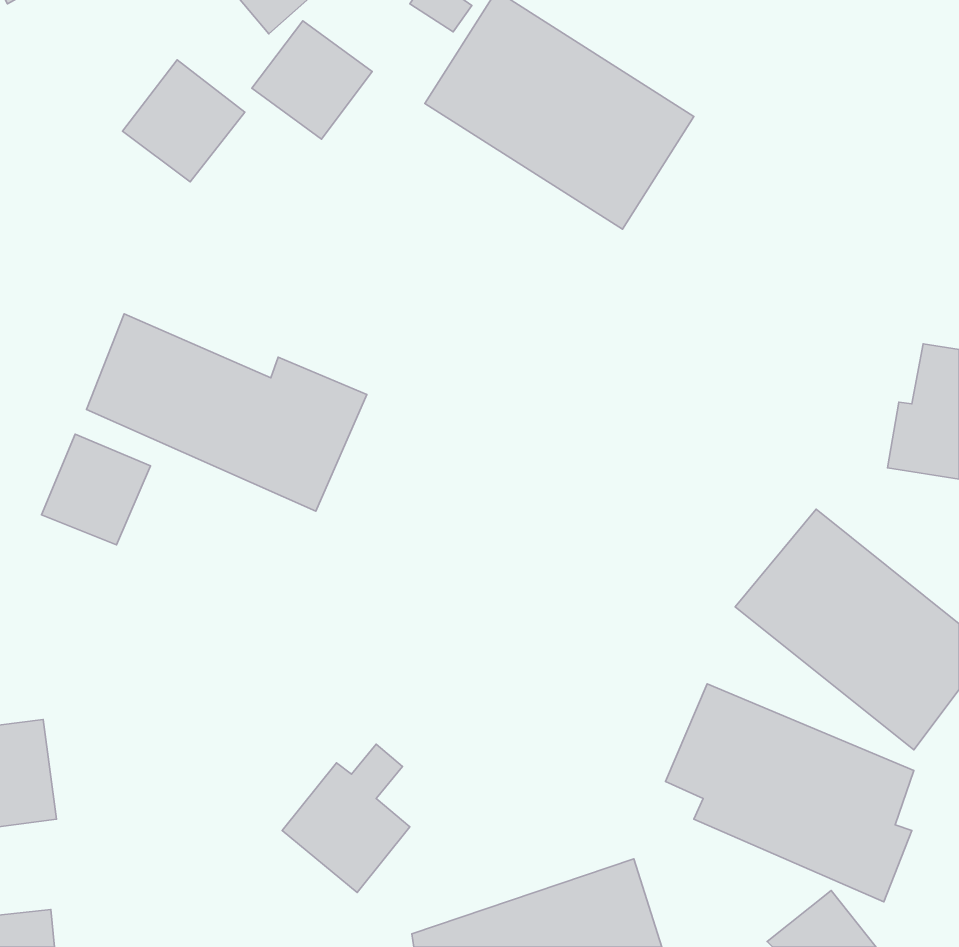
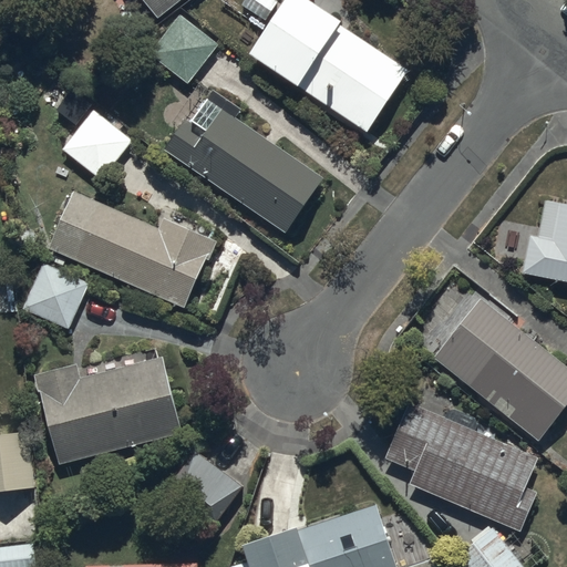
building: [123,60,245,182] -> [60,101,132,173]
building: none -> [163,94,321,236]
building: none -> [39,355,182,466]

